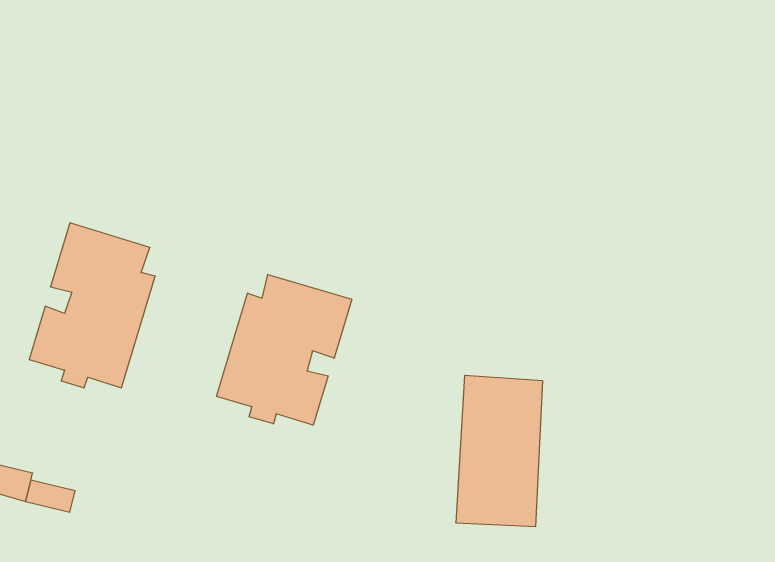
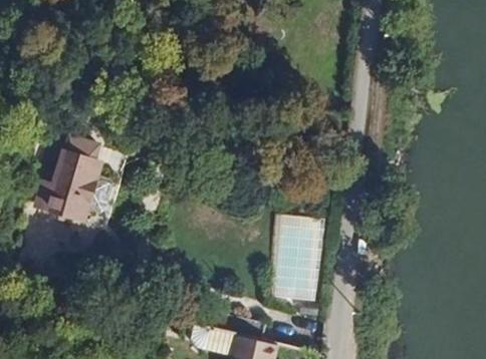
building: [216,274,352,425] -> none

